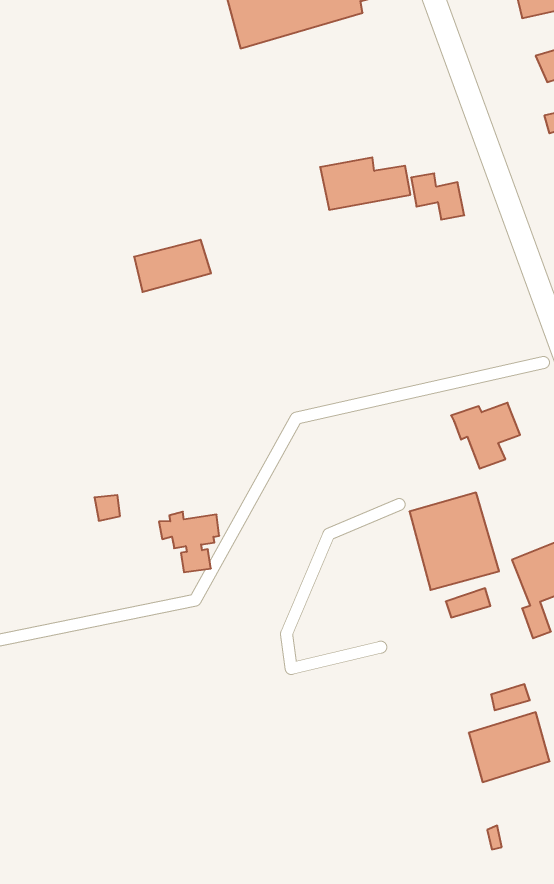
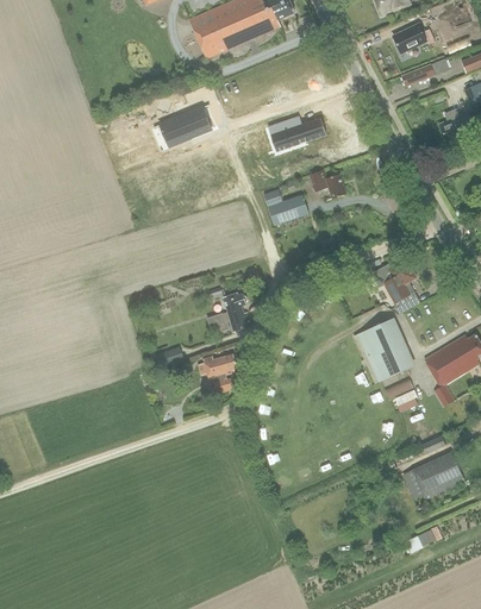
building: [411,173,464,220] -> [310,170,346,199]
building: [134,240,211,292] -> [160,107,210,145]
building: none -> [263,188,308,225]
building: none -> [212,293,250,331]

